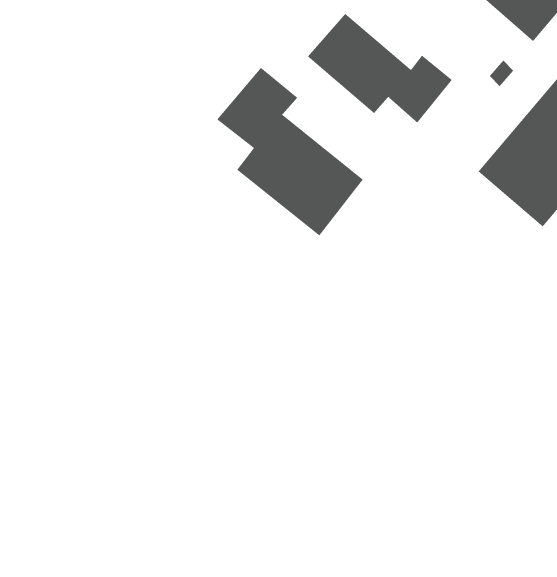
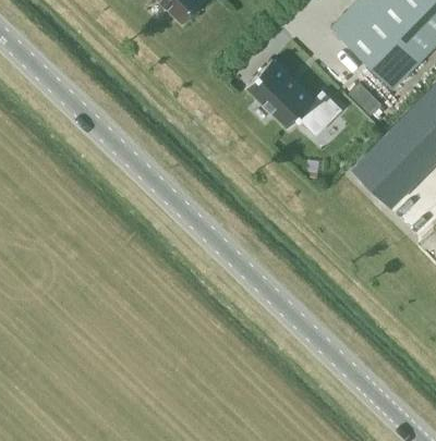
building: [216,67,364,236] -> none

